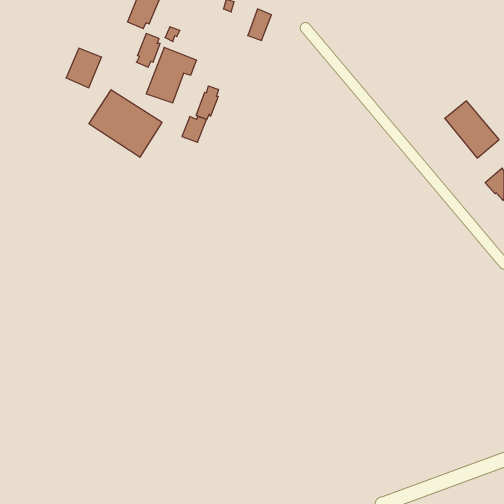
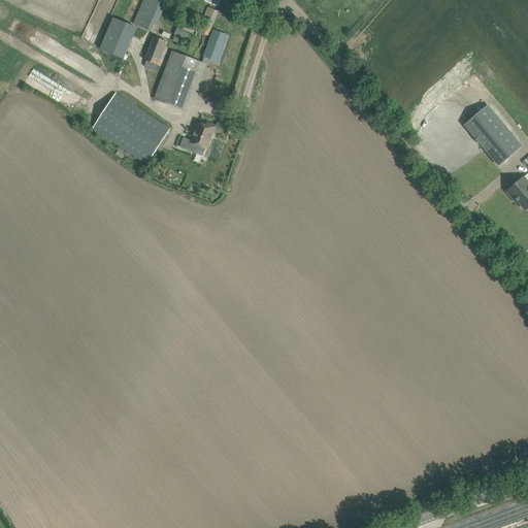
building: [248,9,271,40] -> [202,29,227,62]
building: [66,48,102,88] -> [99,16,136,58]
building: [196,86,218,120] -> none

